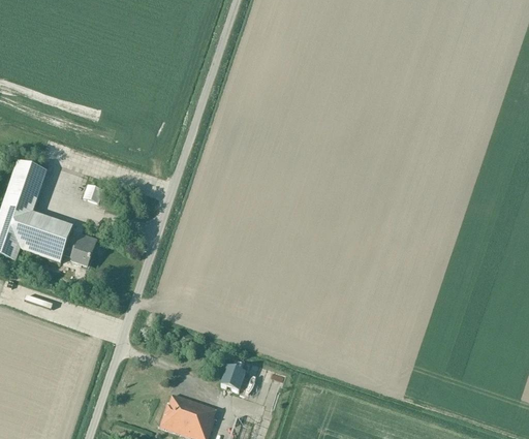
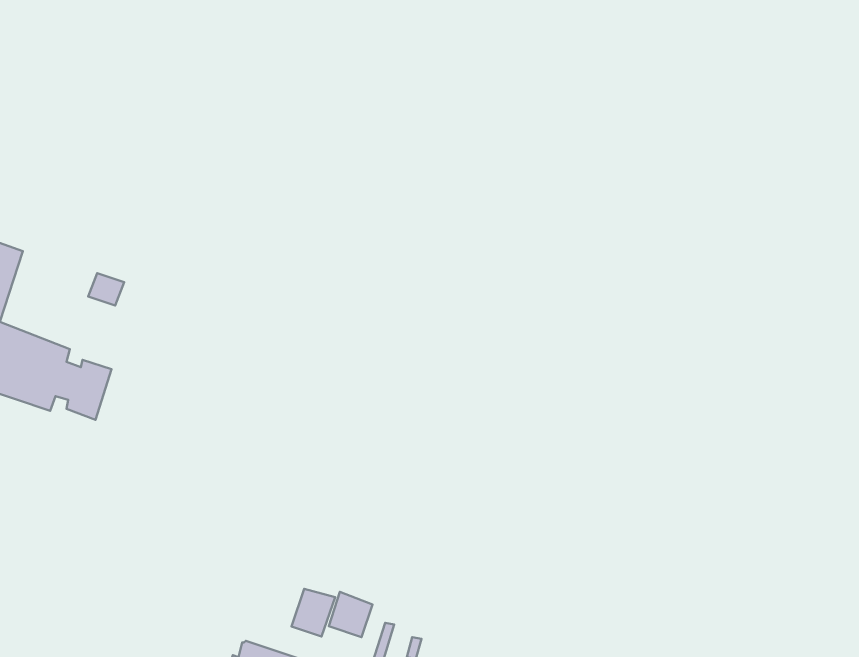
building: none -> [292,589,335,636]

